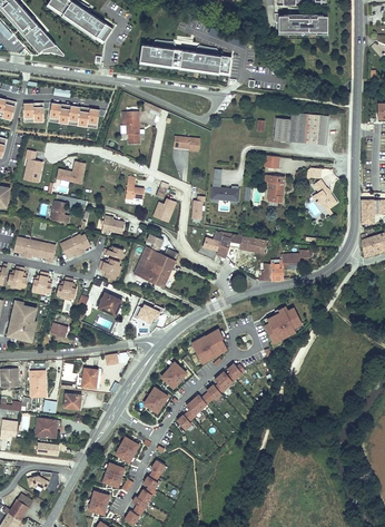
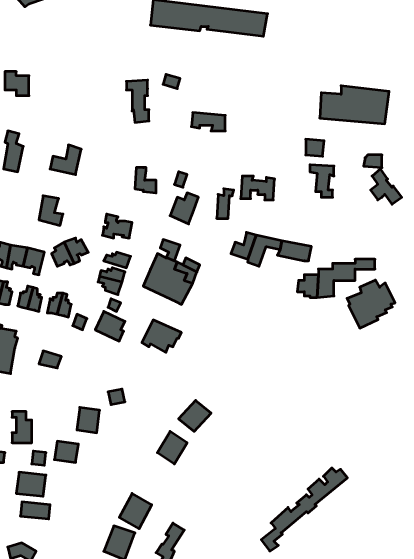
building: [51,103,100,127] -> none
building: [264,305,302,343] -> [347,280,395,328]
building: [191,330,227,363] -> none
building: [178,362,246,428] -> [261,468,347,551]

